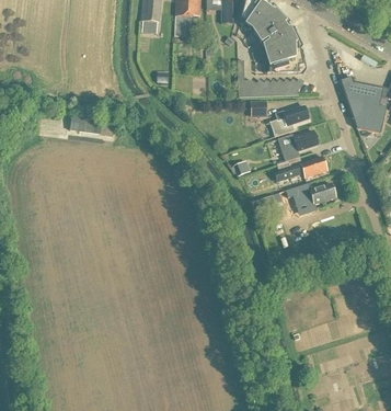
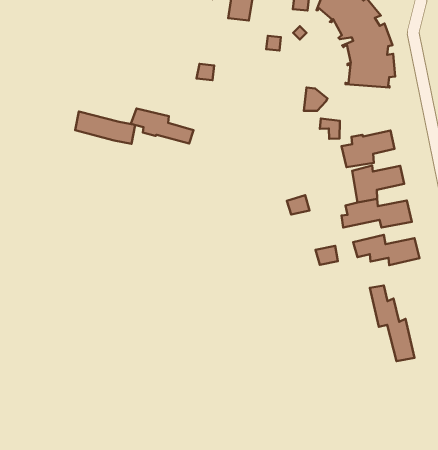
building: none -> [131,108,194,144]
building: none -> [370,286,414,361]

